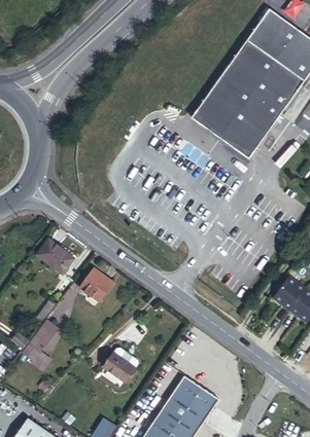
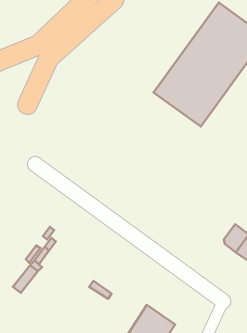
building: [39,240,77,275] -> none
building: [80,268,113,301] -> none
building: [104,353,136,381] -> none

